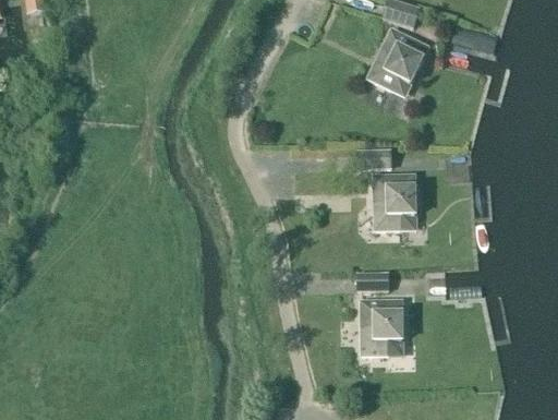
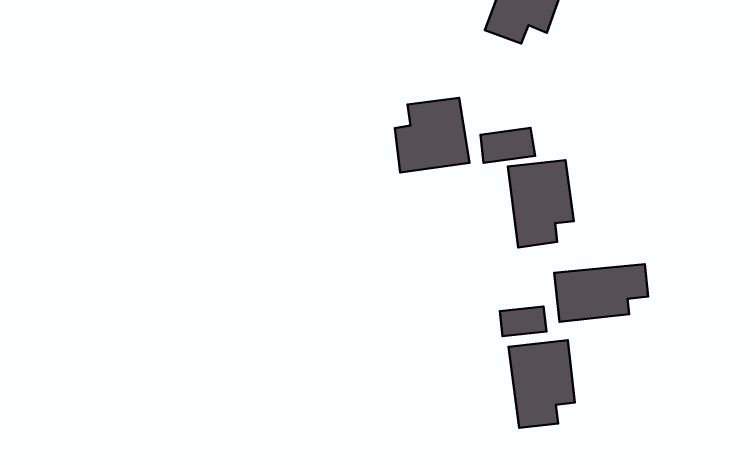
building: none -> [395,98,469,172]
building: none -> [554,264,648,322]

